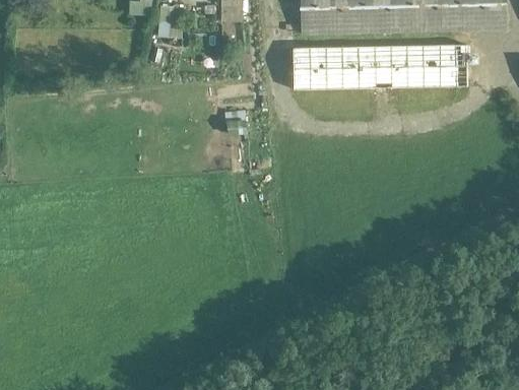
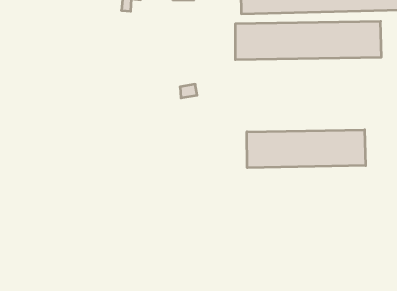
building: none -> [247,130,366,168]

